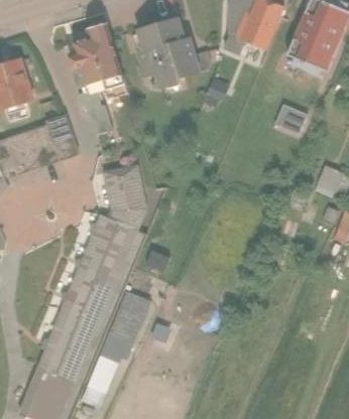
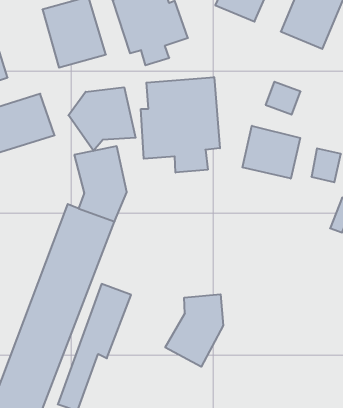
building: none -> [141,77,220,173]
building: none -> [68,87,136,151]
building: none -> [242,126,300,179]
building: none -> [165,294,223,367]

